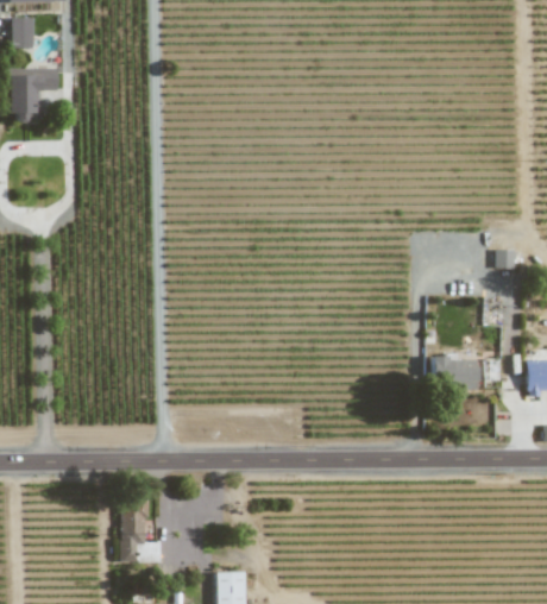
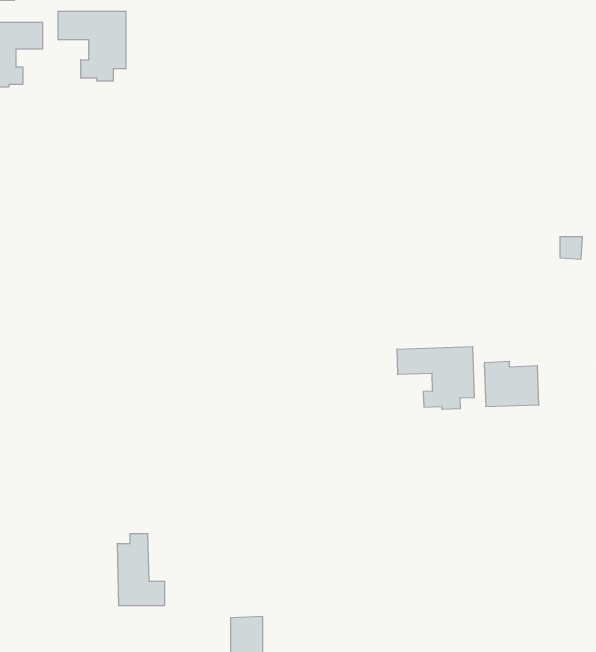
building: none -> [58,11,126,81]
building: none -> [397,347,474,410]

